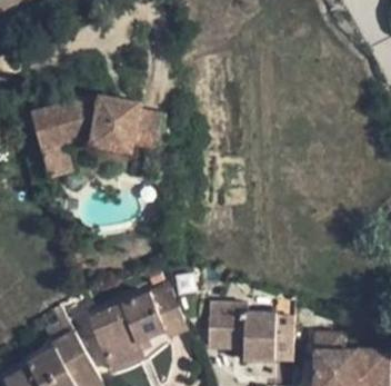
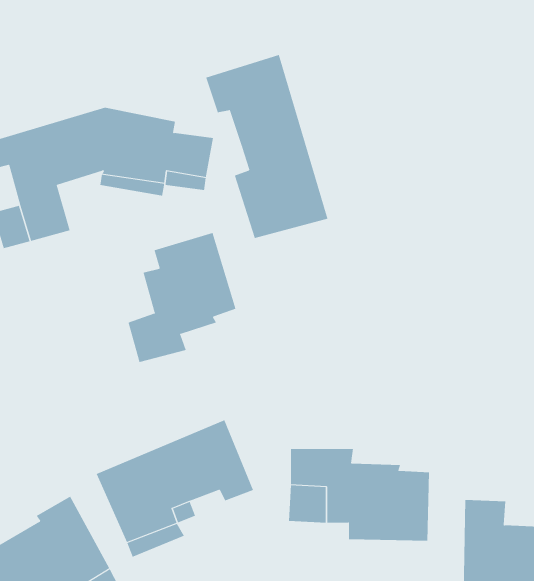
building: none -> [205,54,328,239]
building: none -> [128,232,236,363]

